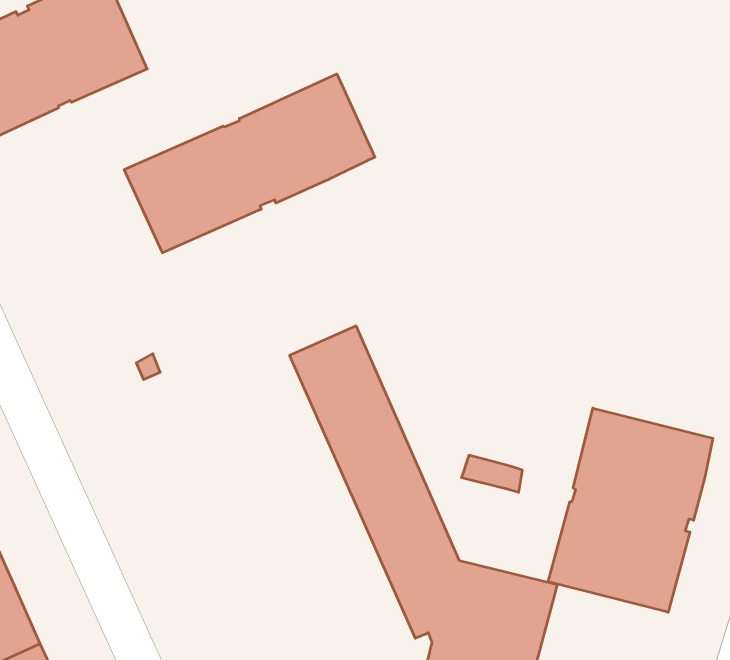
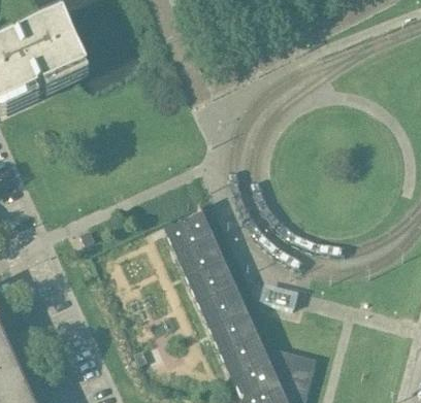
building: [124,74,375,253] -> none
building: [548,408,713,612] -> none

